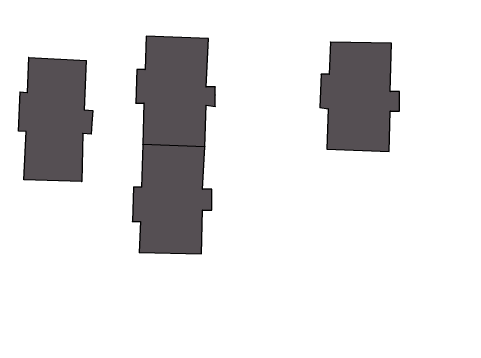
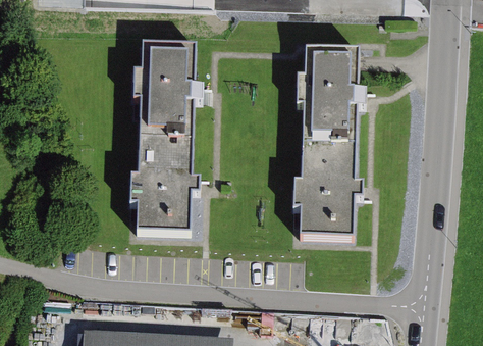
building: [19,57,93,182] -> none
building: none -> [292,145,363,243]

